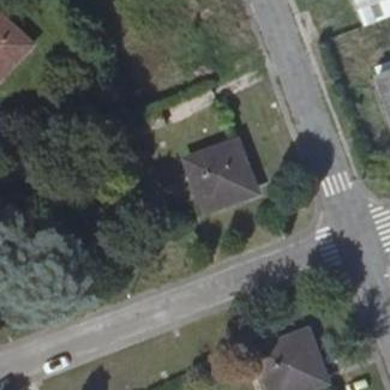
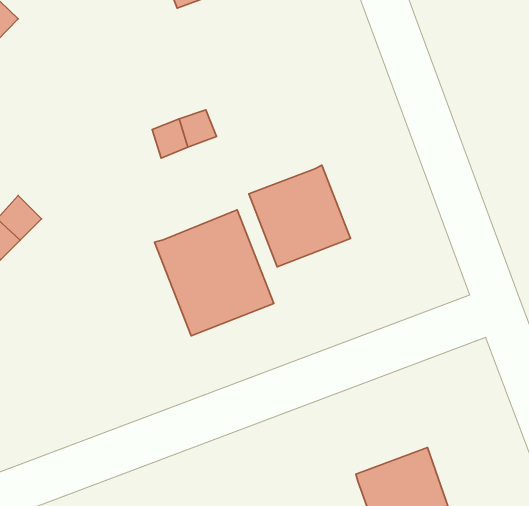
building: none -> [154,210,274,336]

